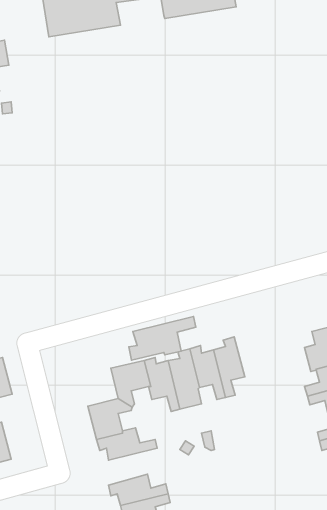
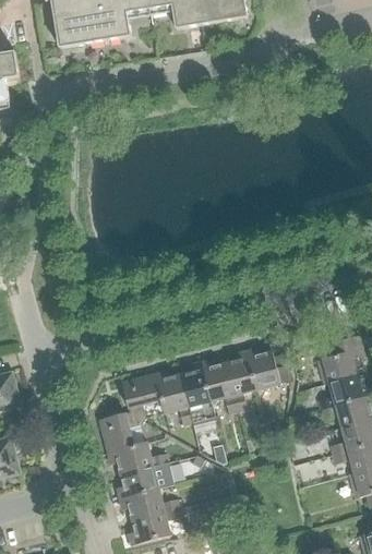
building: [129,317,196,360] -> none
building: none -> [245,347,288,389]
building: none -> [116,461,170,498]

